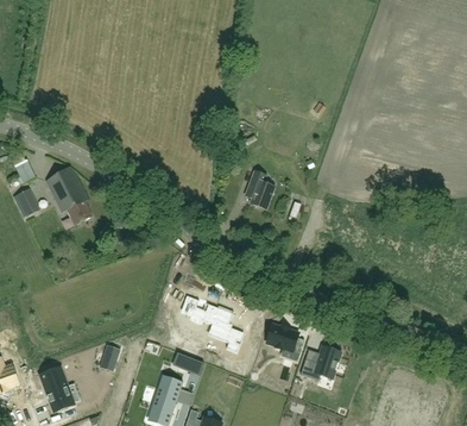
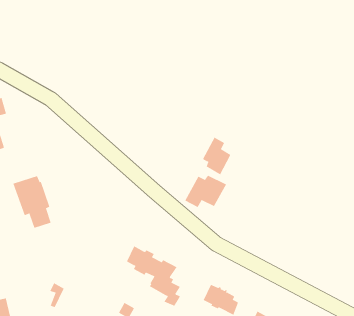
building: [45,167,91,223] -> [12,175,52,228]
building: none -> [184,175,227,208]

